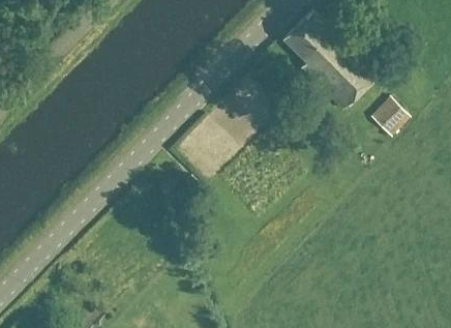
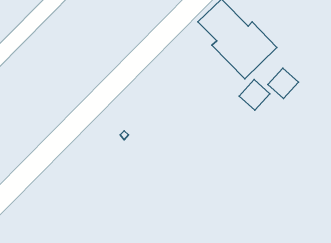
building: none -> [239,79,270,110]

